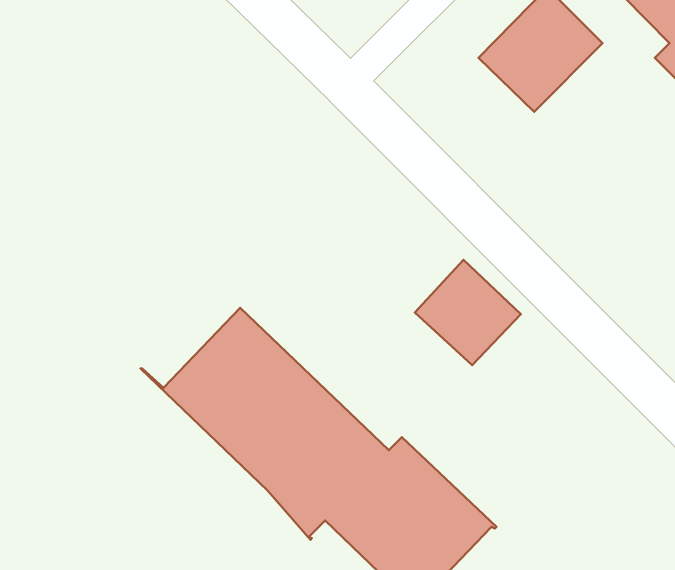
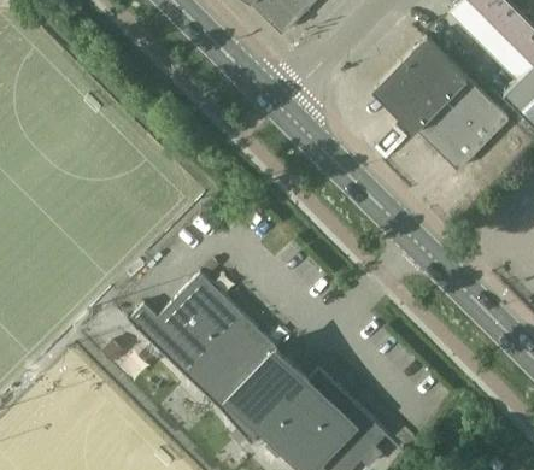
building: none -> [417,78,509,170]
building: [415,260,521,365] -> none

